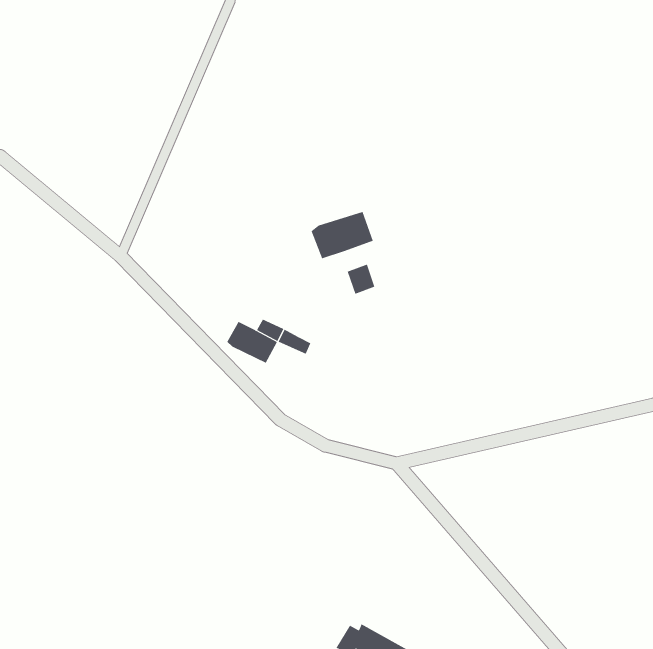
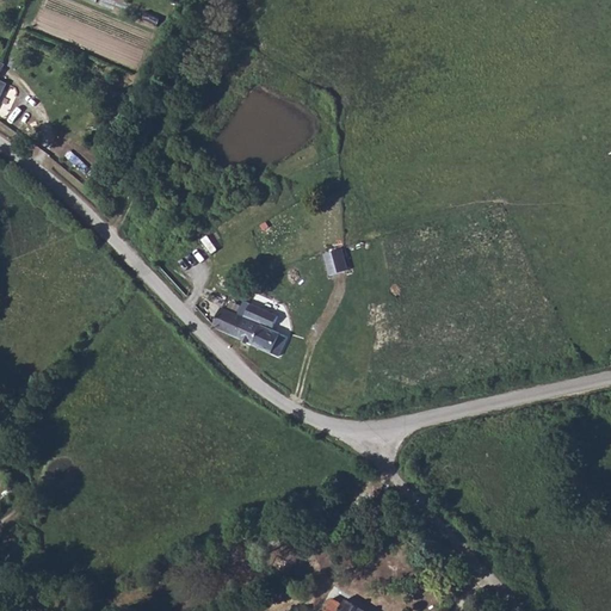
building: [311,211,374,259] -> none
building: none -> [249,323,286,356]

